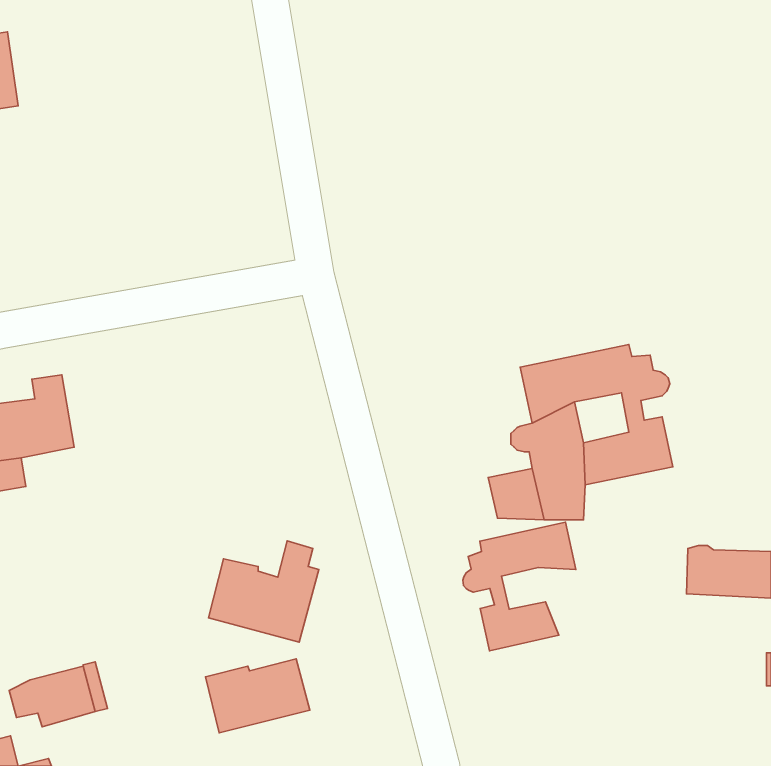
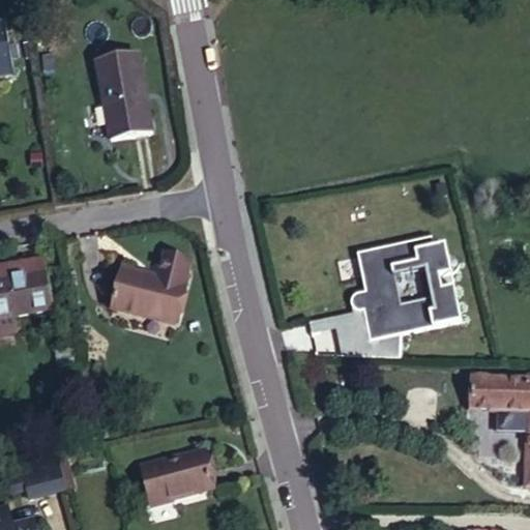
building: none -> [96,52,152,138]
building: [463,522,576,651] -> none
building: [208,541,319,642] -> [111,253,186,322]

